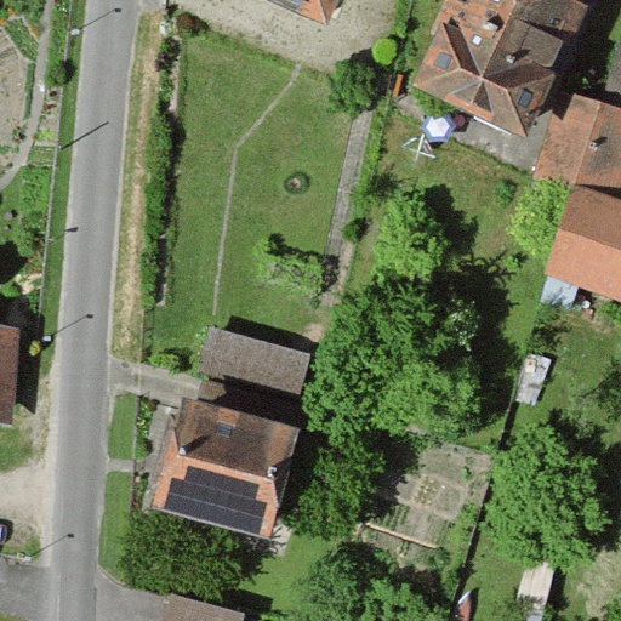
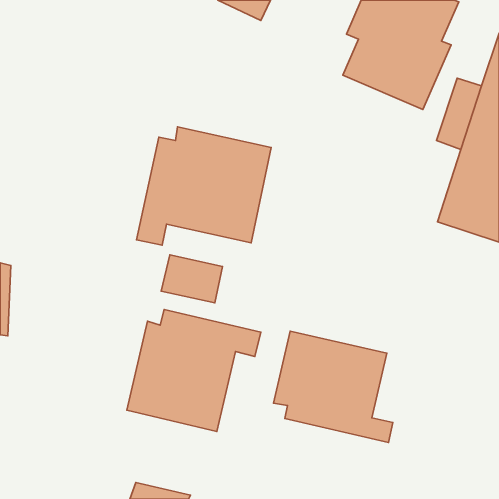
building: none -> [136,127,271,245]
building: none -> [273,331,393,442]

